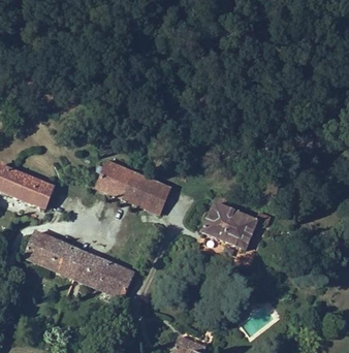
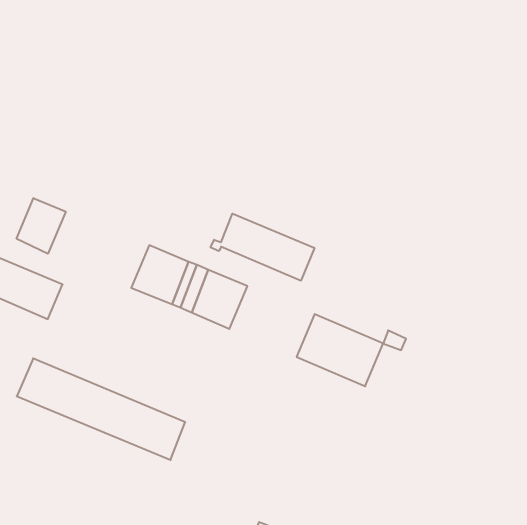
building: none -> [17,198,66,254]
building: none -> [211,214,314,281]

